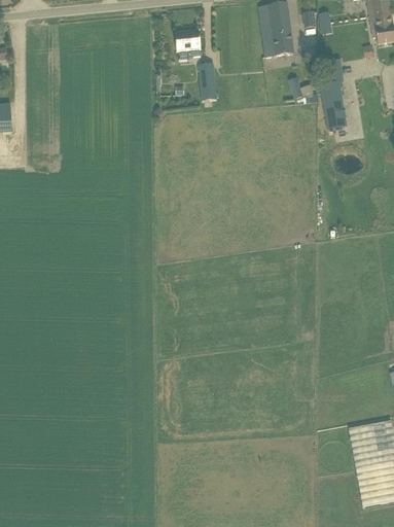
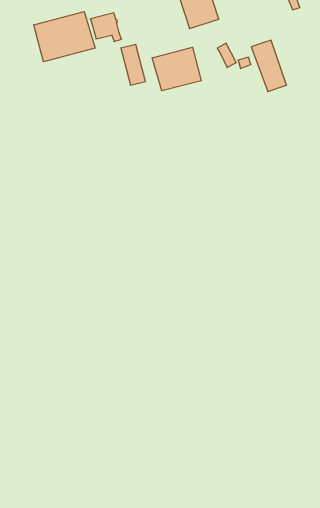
building: none -> [34,12,95,62]
building: none -> [152,47,201,91]

